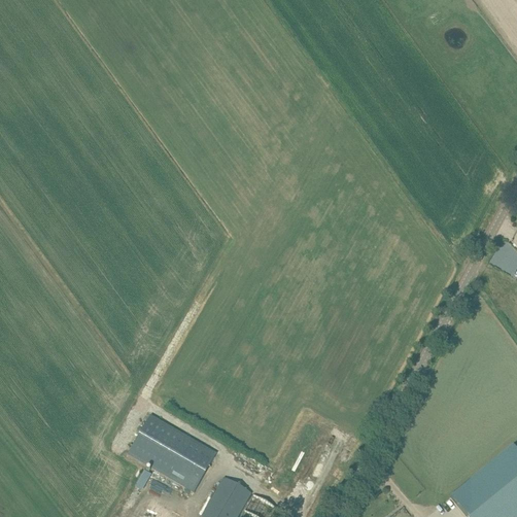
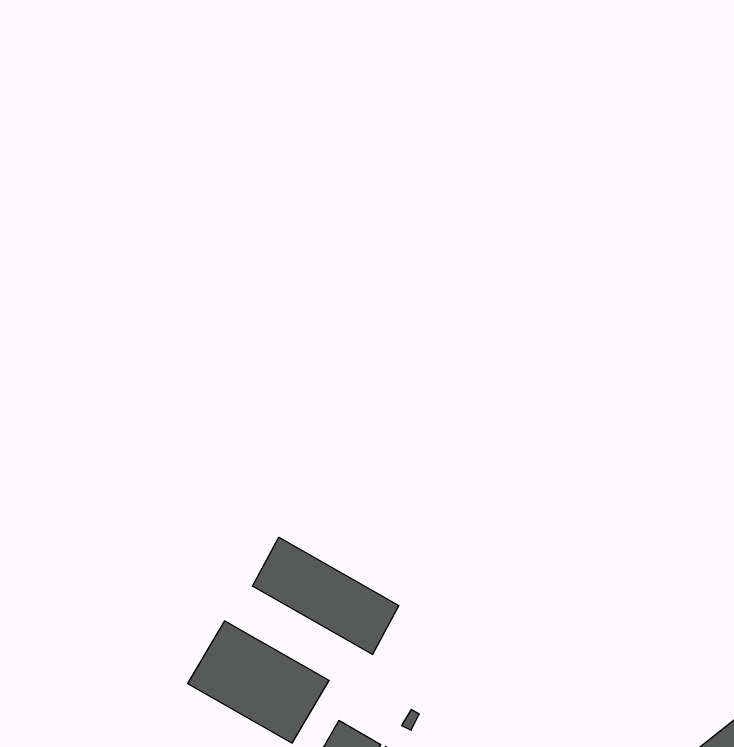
building: none -> [252,537,399,655]

